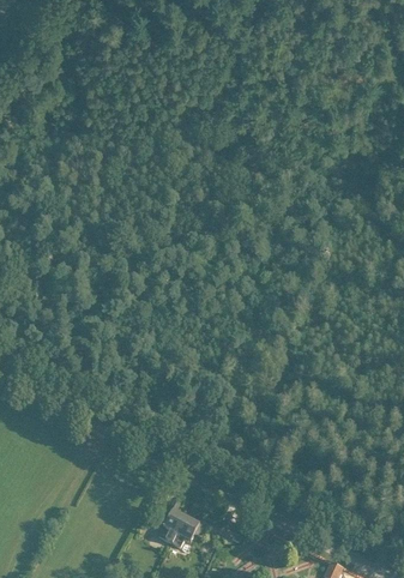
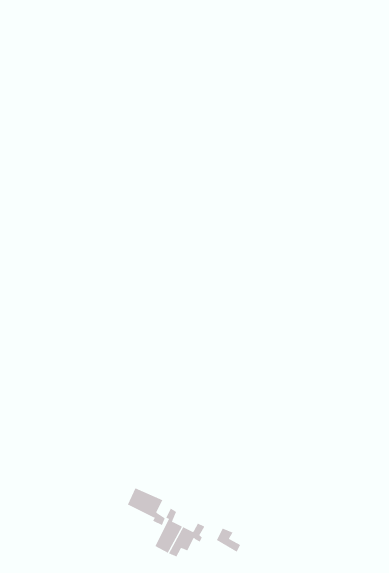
building: none -> [127,487,166,526]

